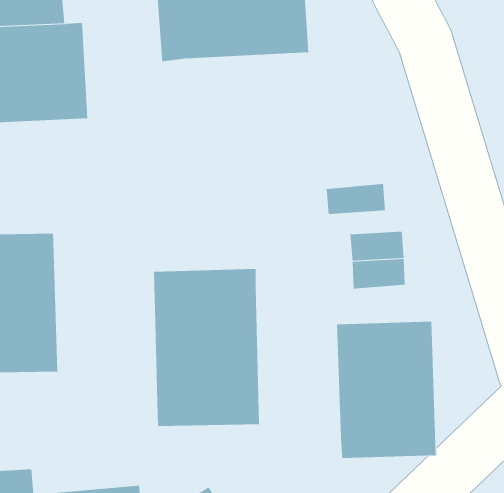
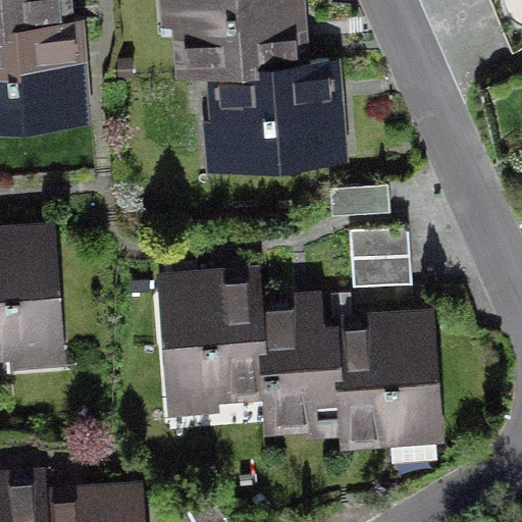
building: none -> [188,51,344,170]
building: none -> [258,283,341,434]

